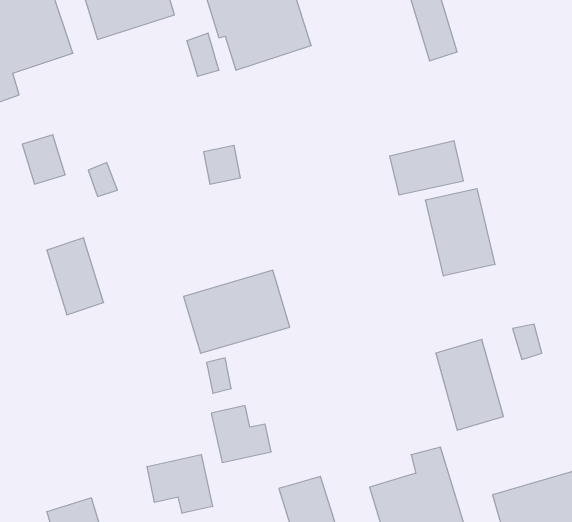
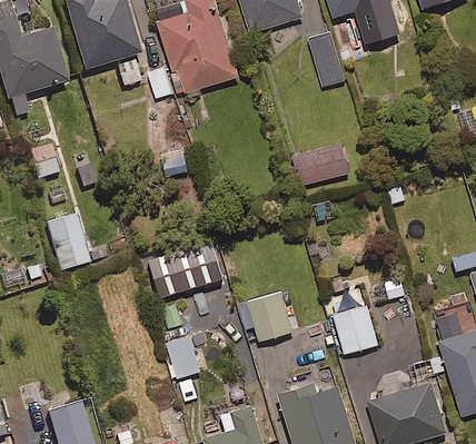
building: [425,189,495,276] -> none
building: none -> [248,293,292,342]
building: [147,455,213,513] -> none

